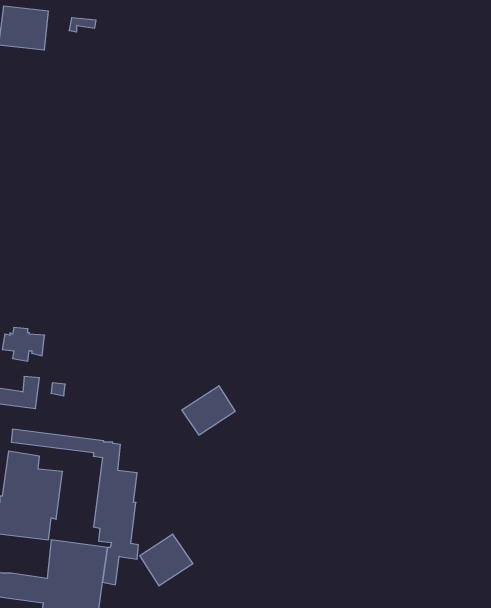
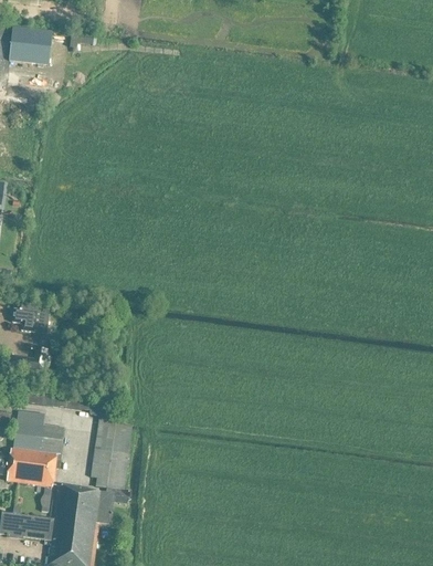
building: [182,386,235,435] -> none
building: [140,534,193,586] -> none

